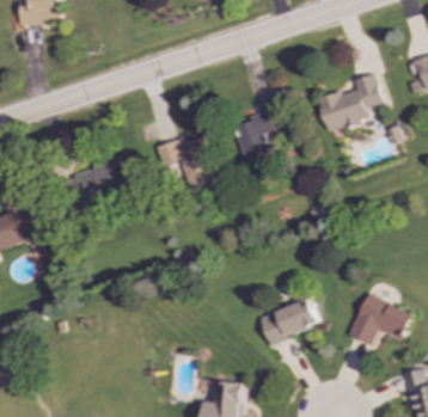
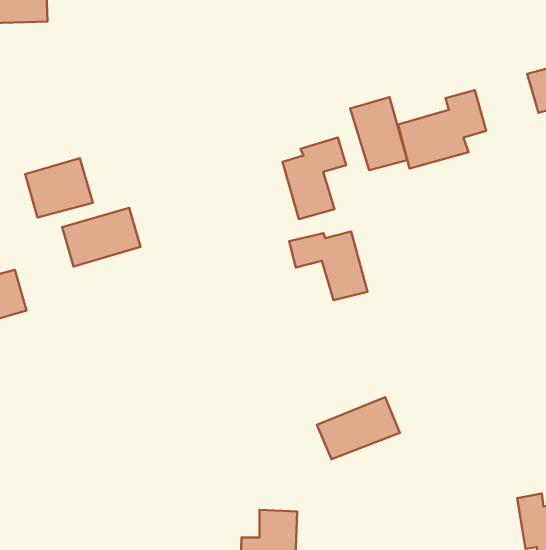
building: none -> [350,97,407,170]
building: none -> [25,158,93,218]
building: [155,137,213,188] -> [289,231,368,300]
building: [346,293,411,345] -> none

